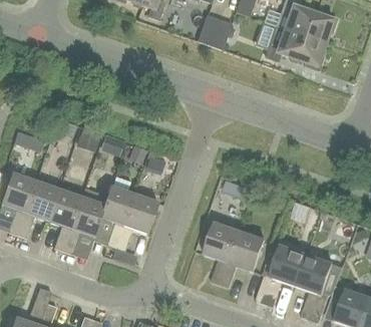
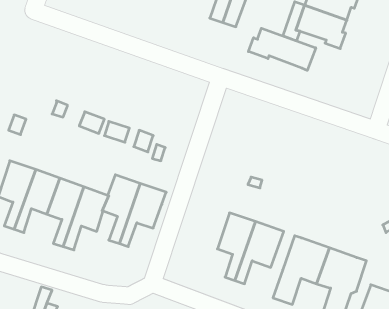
building: none -> [248,28,316,70]

